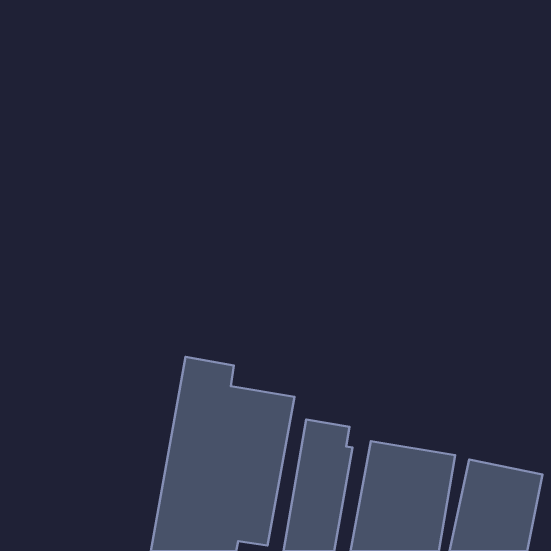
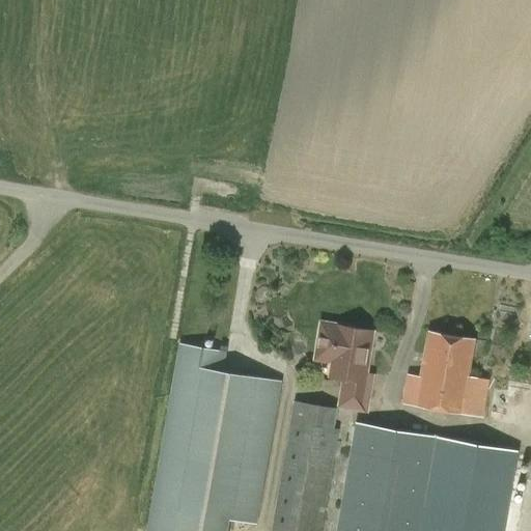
building: none -> [317,324,373,412]
building: none -> [403,332,490,418]

